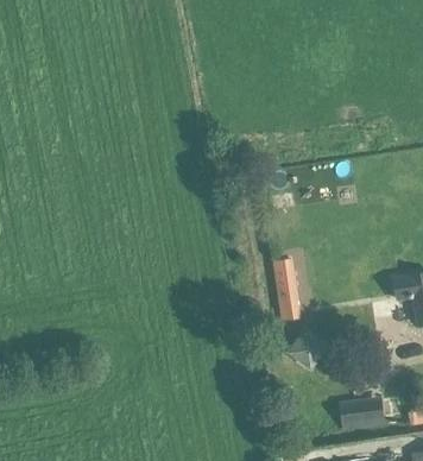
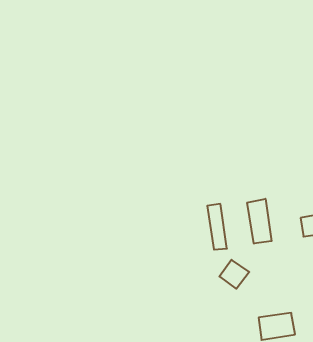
building: none -> [247,199,272,244]

